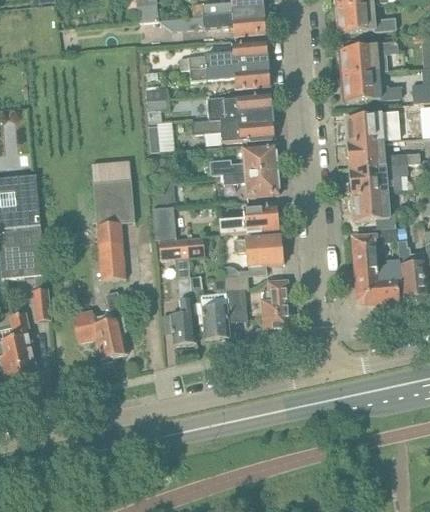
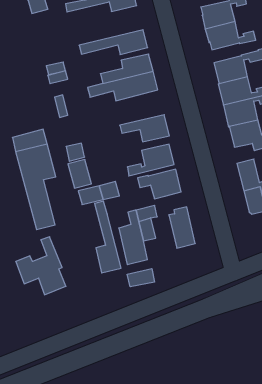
building: [188,40,268,69] -> none
building: [209,145,277,174] -> none
building: none -> [127,269,154,287]

